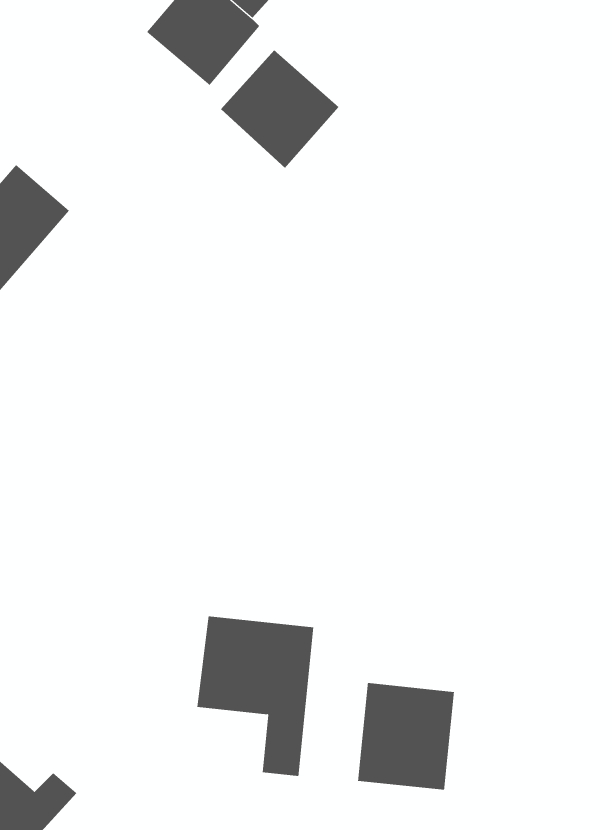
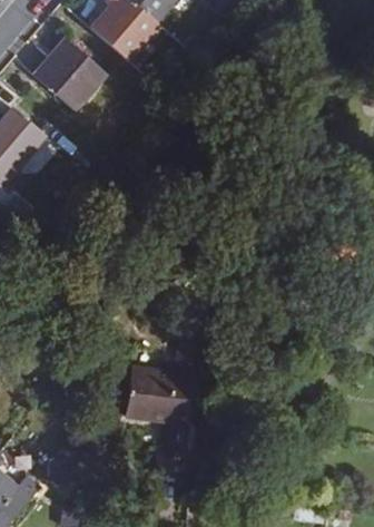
building: [220,49,339,169] -> [37,39,108,110]
building: [358,682,454,790] -> none

